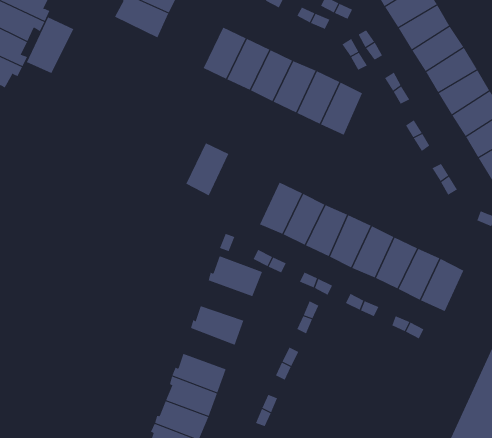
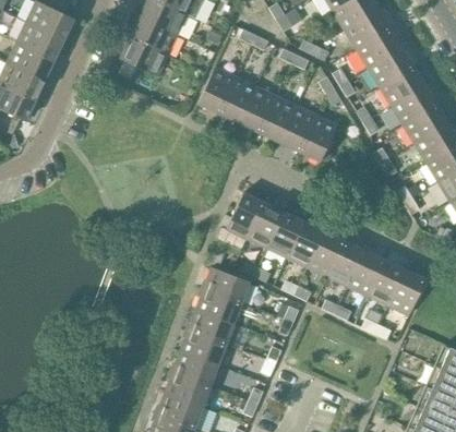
building: [26,17,74,74] -> none
building: [185,143,229,196] -> [226,192,264,239]
building: none -> [195,288,241,323]
building: none -> [180,329,226,365]

